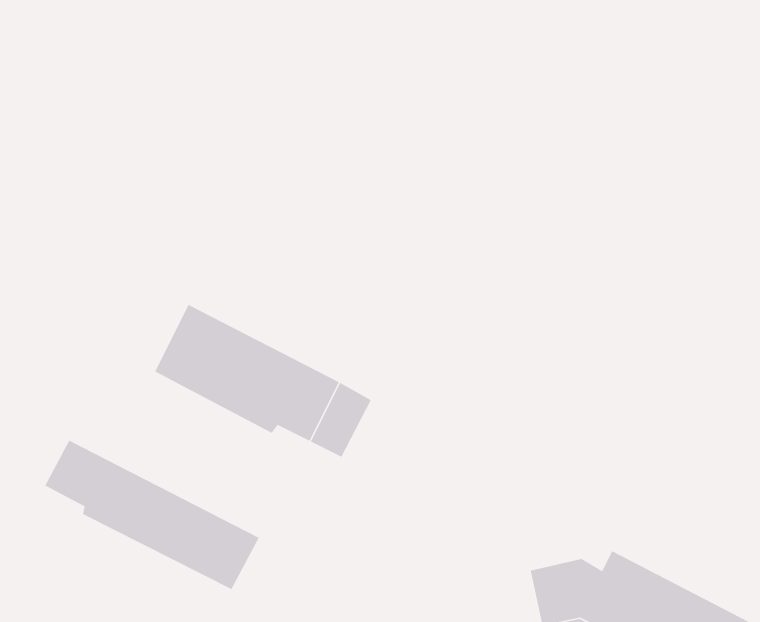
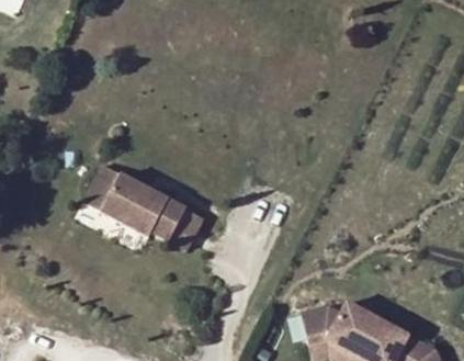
building: [44,439,260,590] -> none

